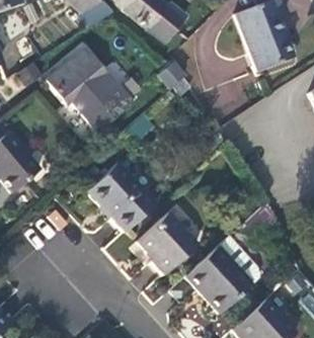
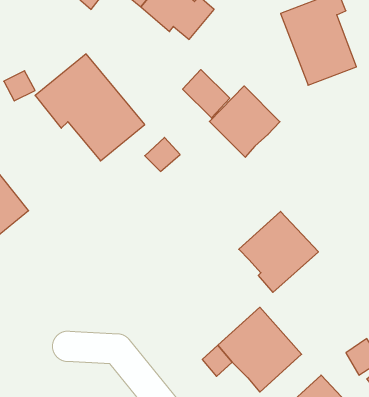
building: none -> [209,86,280,157]
building: [88,160,157,230] -> none
building: [137,210,199,273] -> [239,211,318,292]

